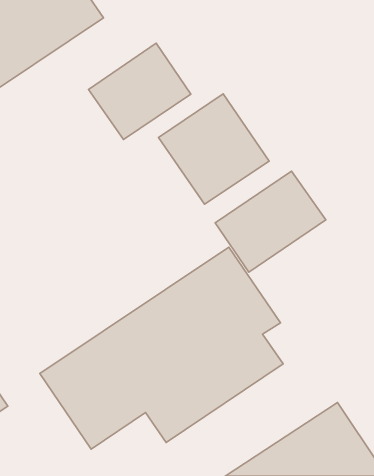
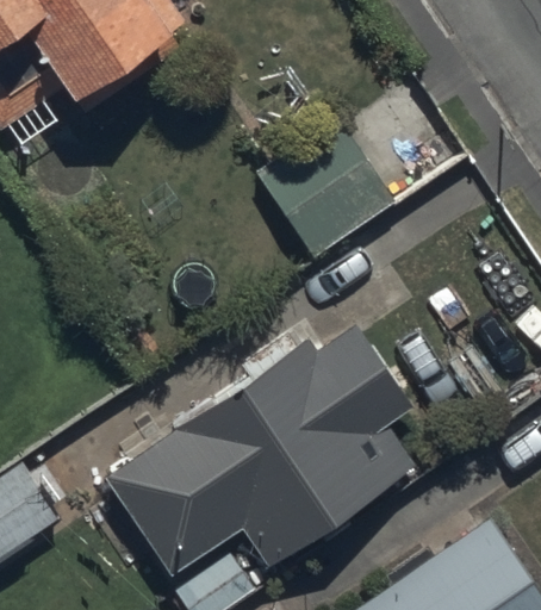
building: [88,43,191,139] -> none
building: [215,171,326,272] -> none

